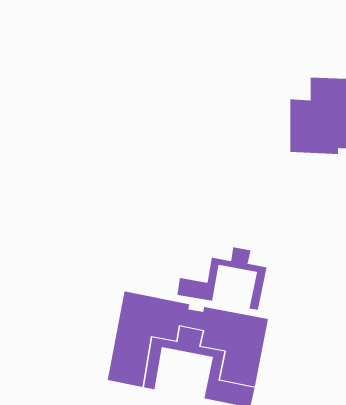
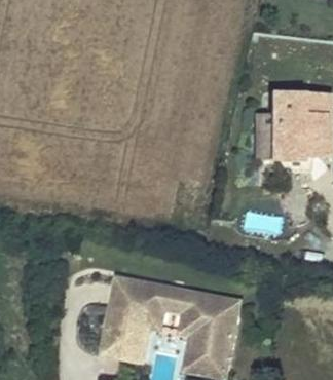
building: [177,247,267,311] -> none

